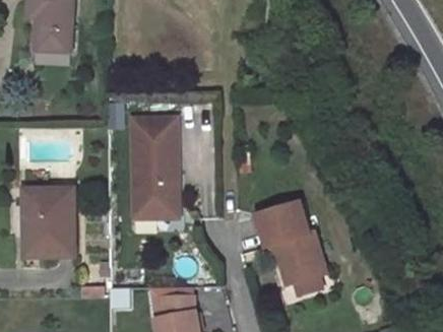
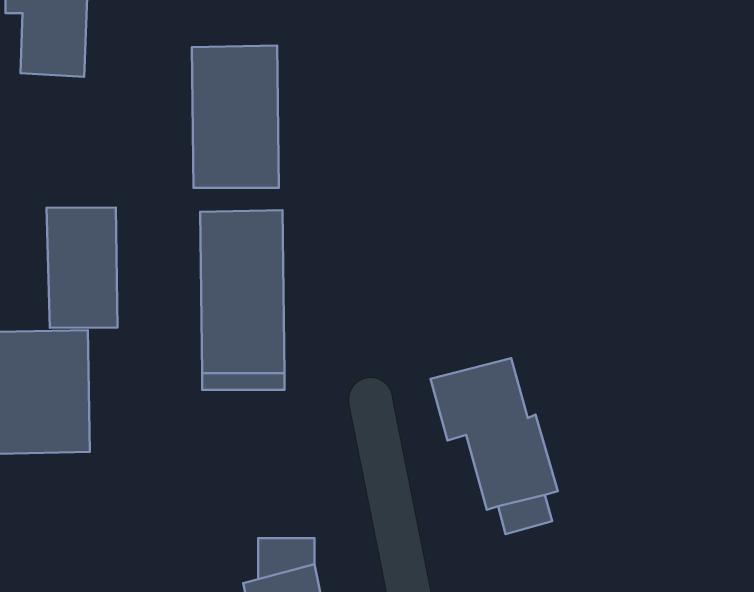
building: none -> [192,45,279,188]
building: none -> [47,207,118,328]

